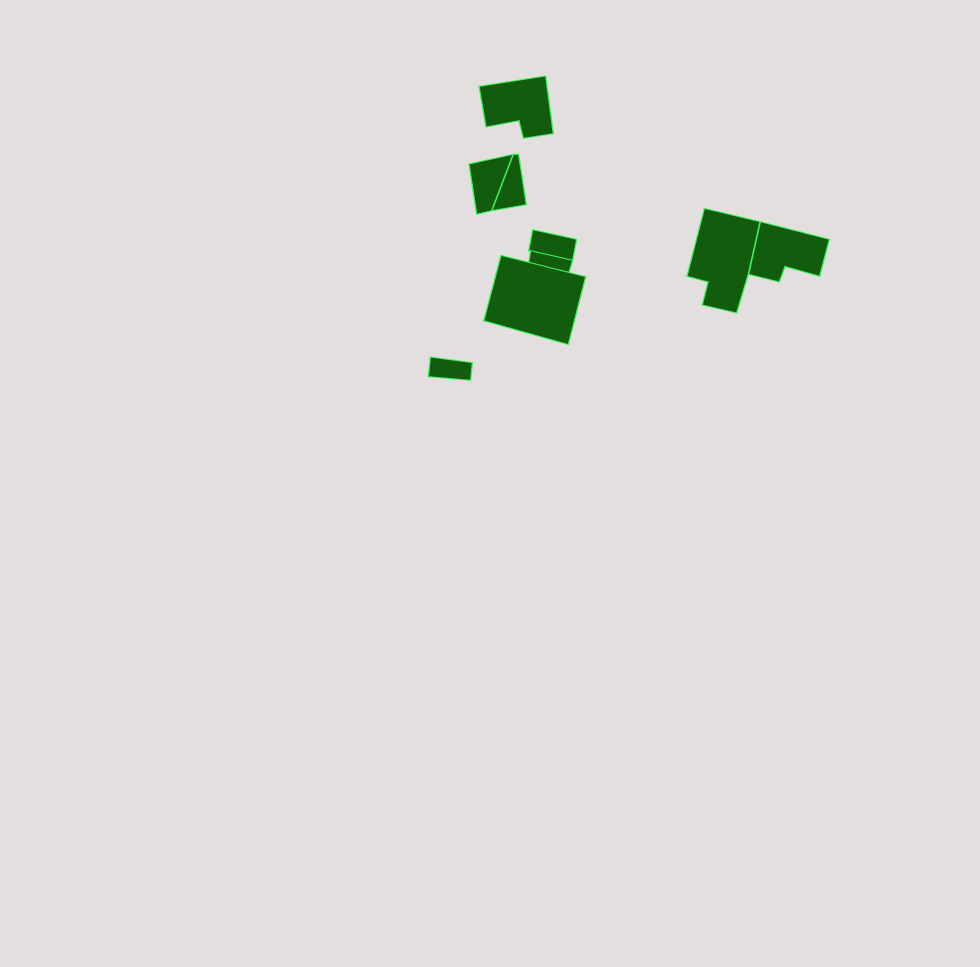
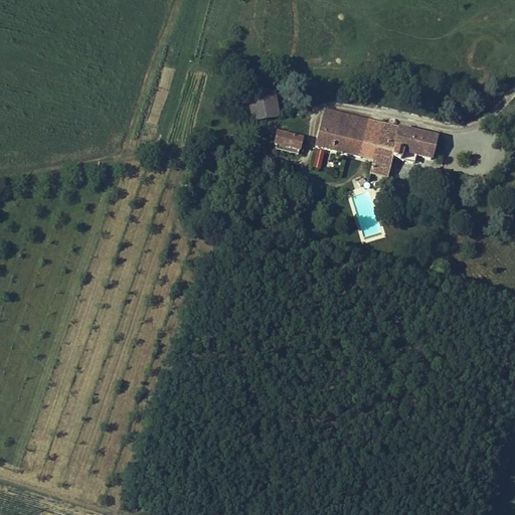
building: [479,76,553,138] -> none
building: [484,256,586,344] -> [317,108,370,154]

